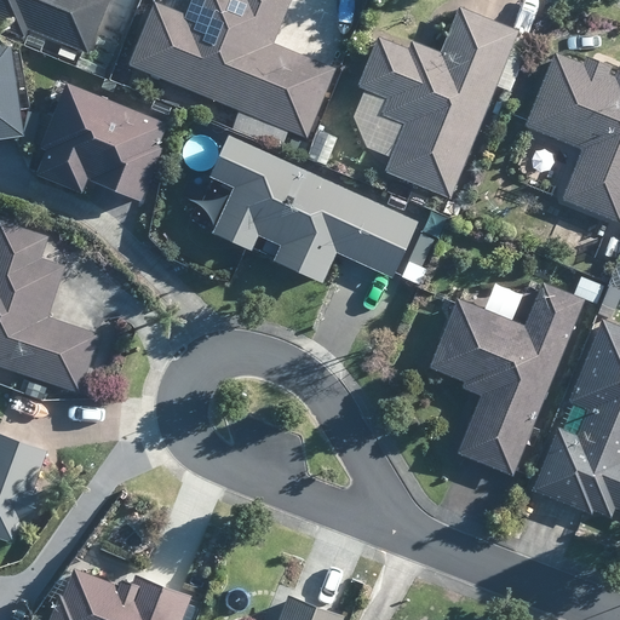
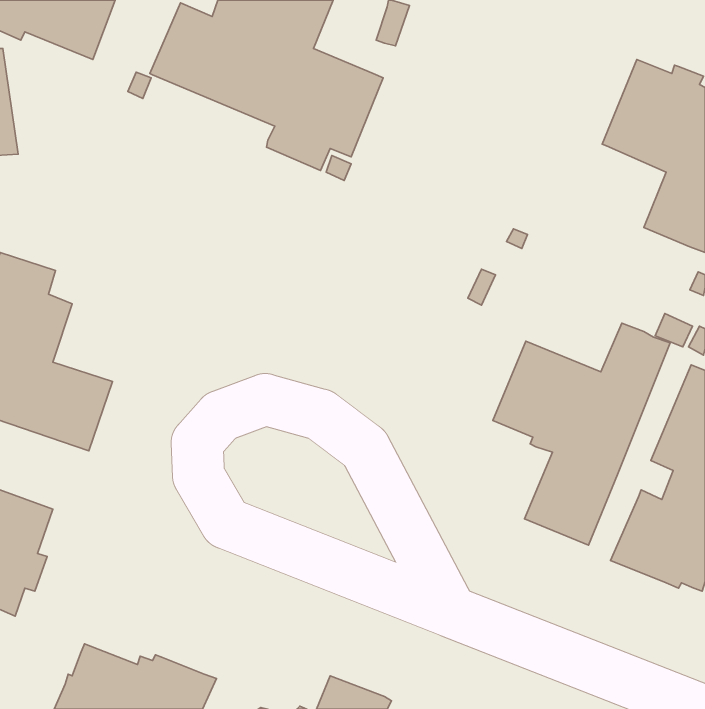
building: [360,7,518,197] -> none
building: [33,87,167,203] -> none
building: [214,136,418,283] -> none

